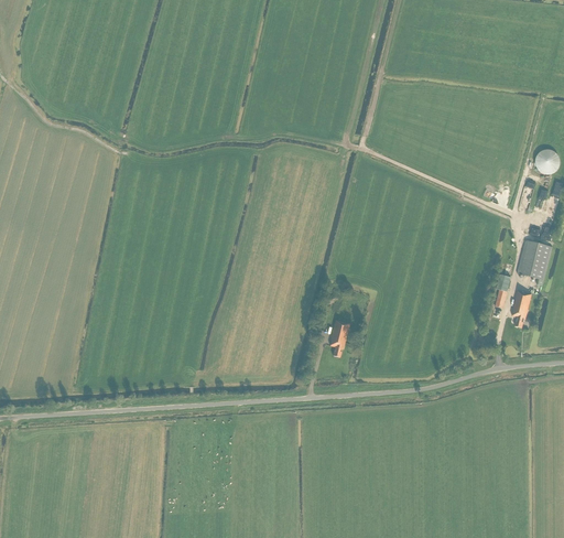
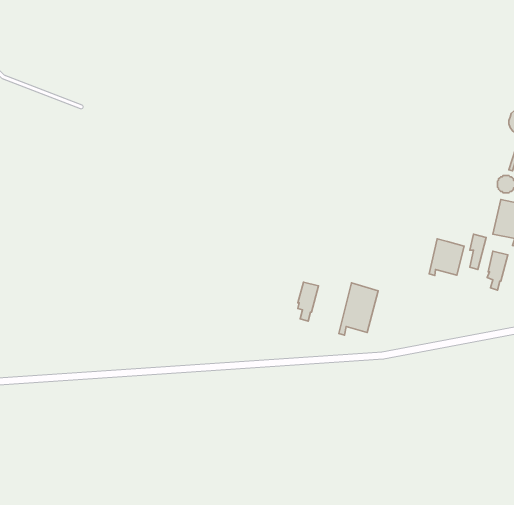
building: none -> [429,239,464,275]
building: none -> [339,283,378,335]

